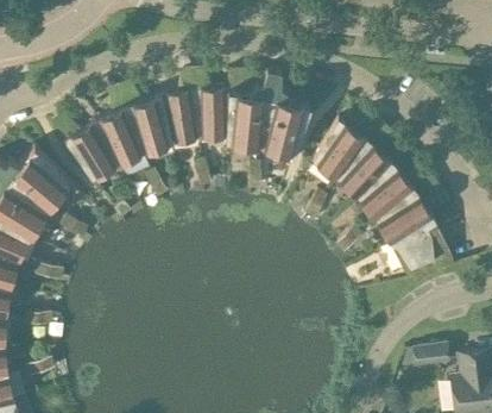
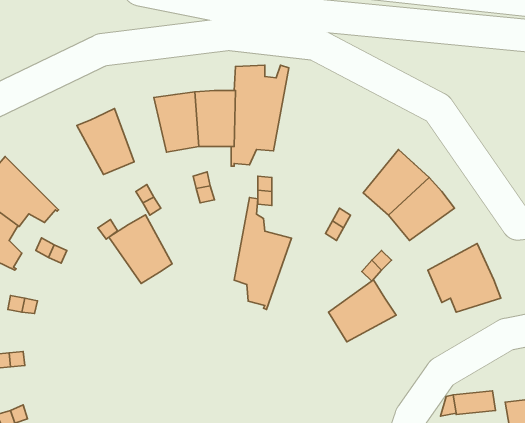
building: [263,74,311,169] -> [234,197,292,310]
building: [128,99,172,154] -> none
building: [315,121,368,180] -> none
building: [65,123,119,181] -> [109,215,172,283]
building: [378,193,435,245] -> [329,280,396,342]

